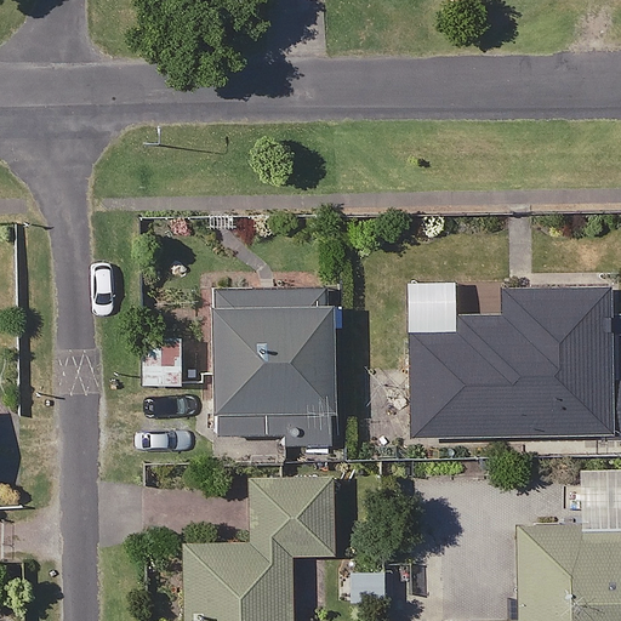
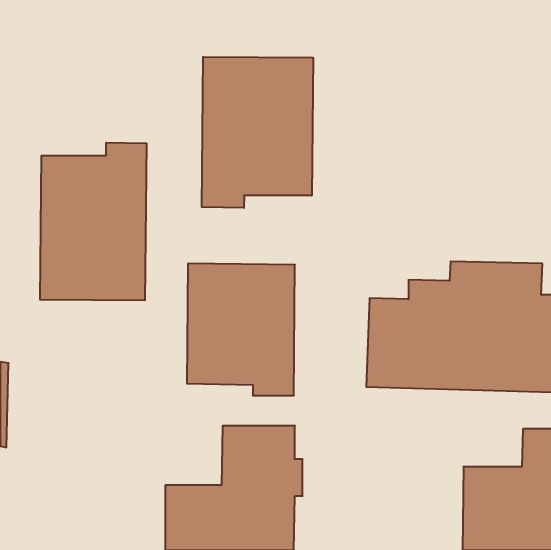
building: none -> [202,57,313,208]
building: none -> [40,143,146,300]

